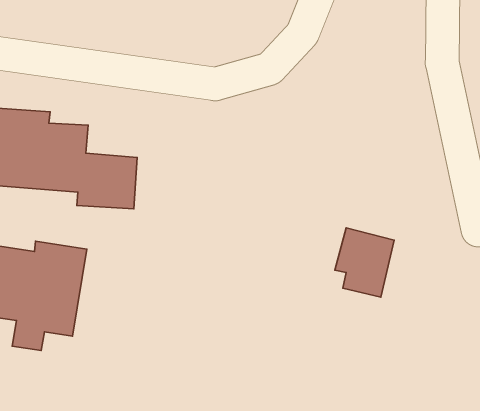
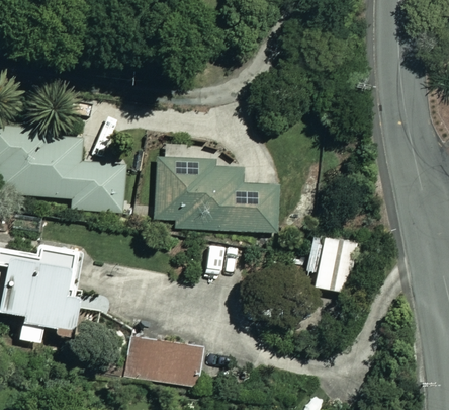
building: none -> [157,157,280,232]
building: none -> [128,339,200,387]

